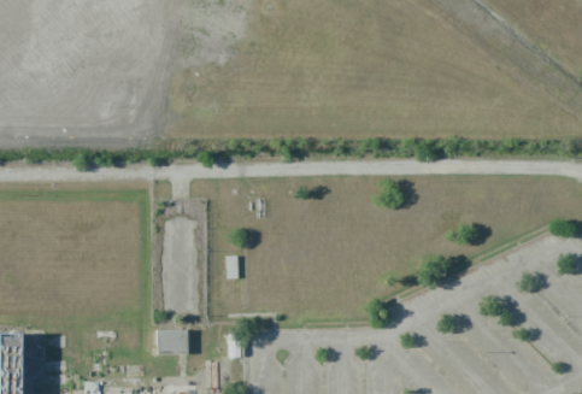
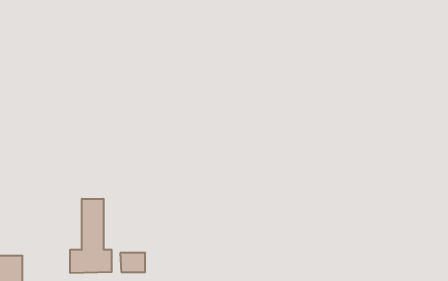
building: none -> [70,199,112,273]

